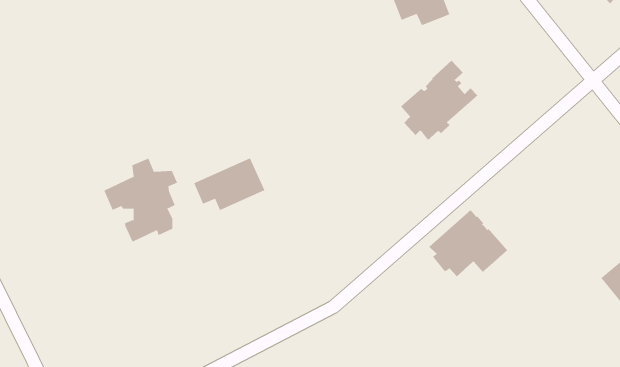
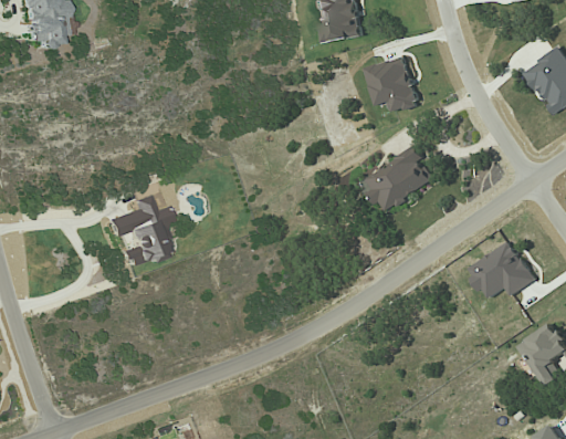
building: [193,157,265,211] -> none
building: [429,209,508,277] -> [470,240,537,296]

